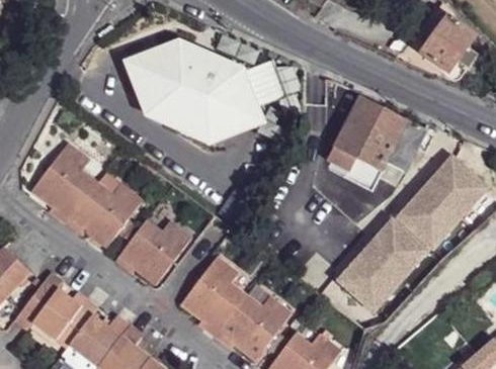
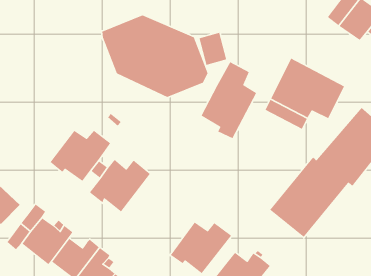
building: none -> [201,61,257,139]
building: [31,144,96,222] -> none
building: [179,257,244,337] -> none

